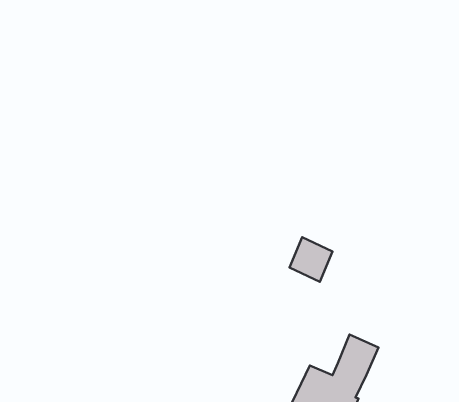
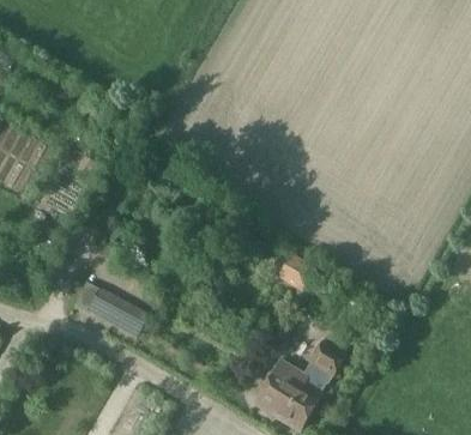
building: none -> [85,284,147,334]

